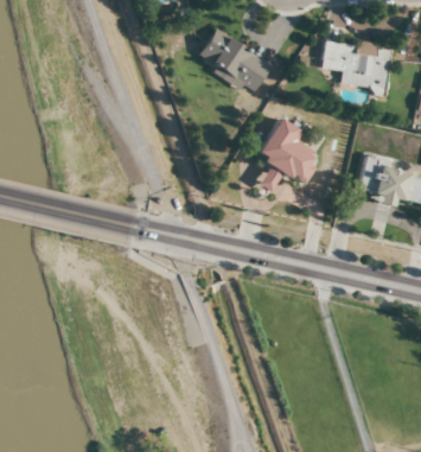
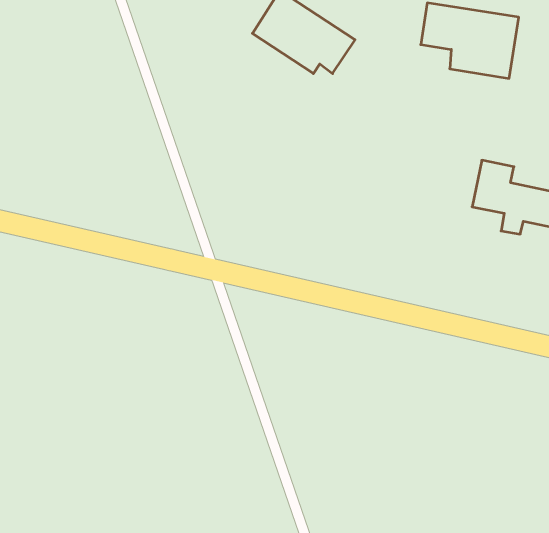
building: [255,116,318,193] -> none

